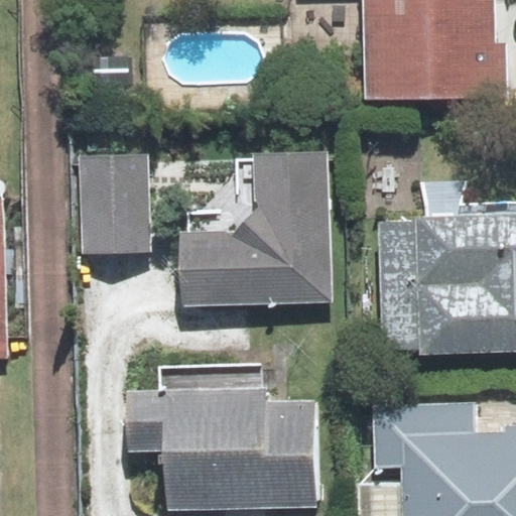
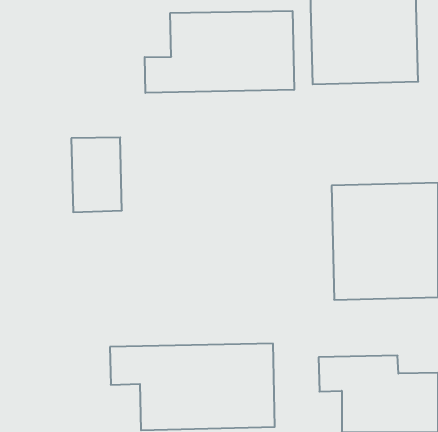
building: none -> [145,11,294,93]
building: [181,164,328,303] -> none

